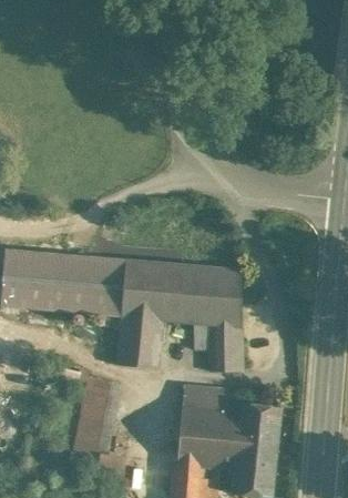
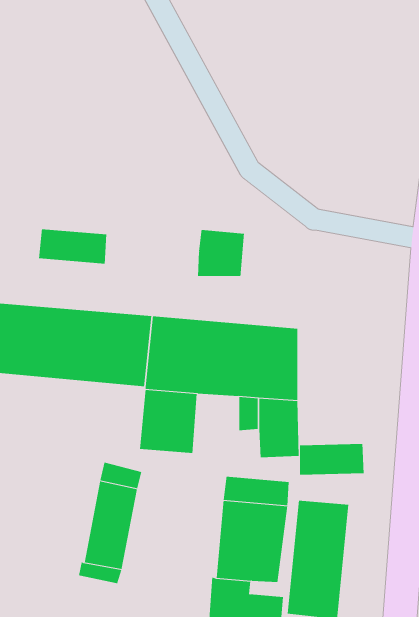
building: none -> [38,229,107,264]
building: none -> [197,229,244,277]
building: none -> [300,443,364,475]

